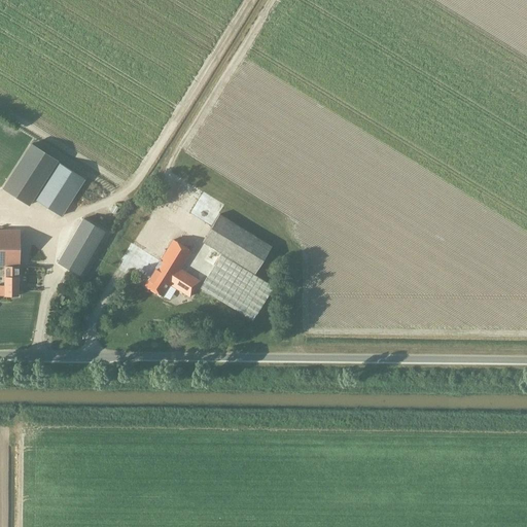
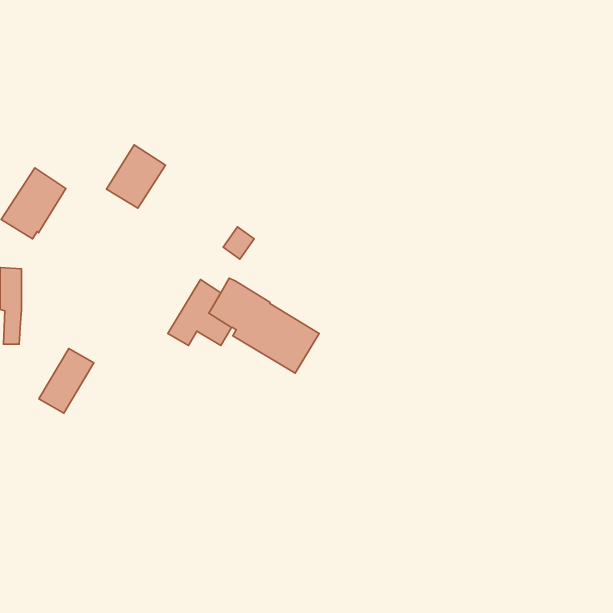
building: [33,162,83,216] -> [107,145,165,208]
building: [202,214,271,273] -> none
building: [57,219,104,275] -> [39,348,94,413]

